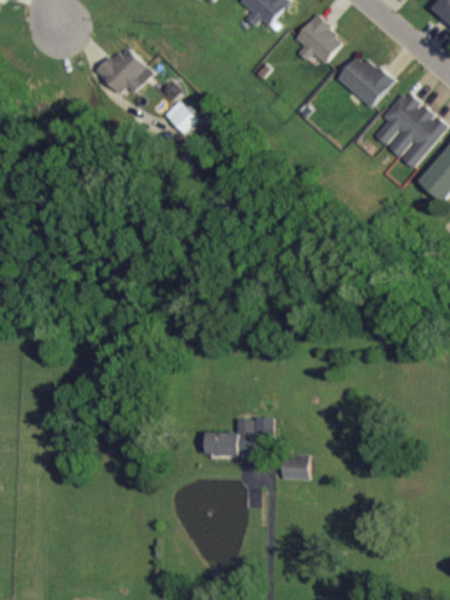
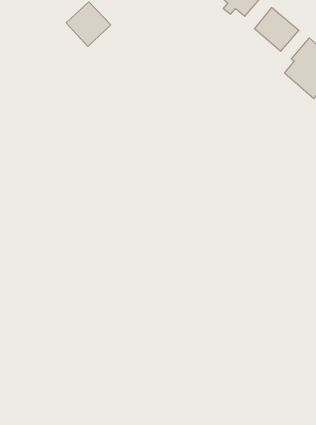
building: [165,100,198,134] -> none
building: [203,419,273,455] -> none
building: [281,454,308,480] -> none

